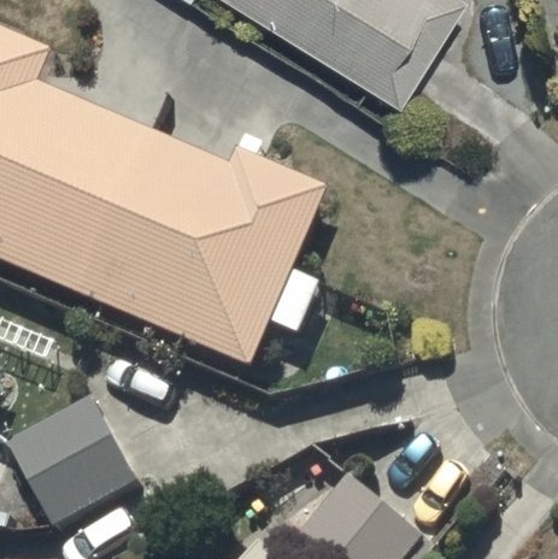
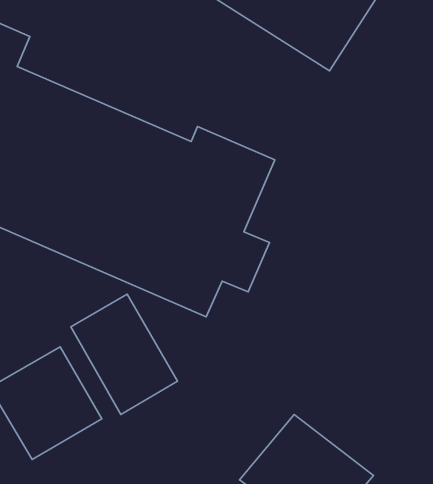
building: none -> [71,294,178,415]

